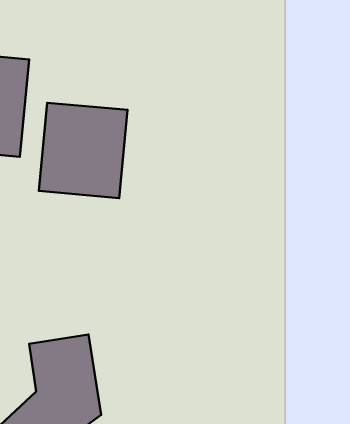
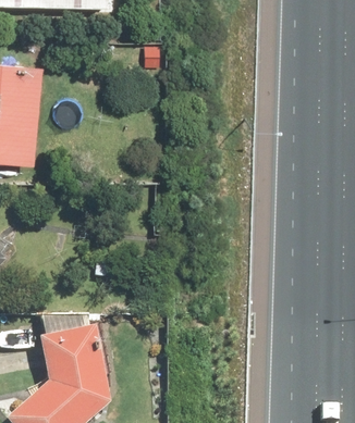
building: [39,103,127,198] -> none

